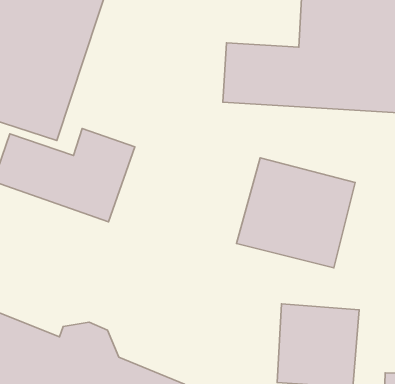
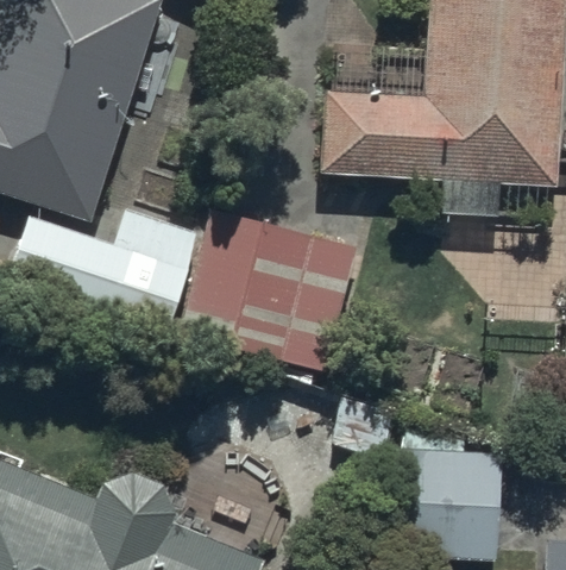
building: none -> [181,211,354,369]
building: [236,158,355,268] -> none

